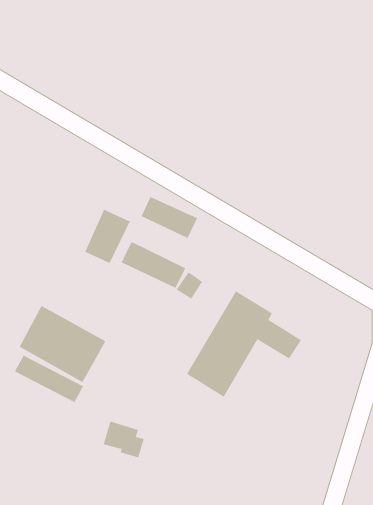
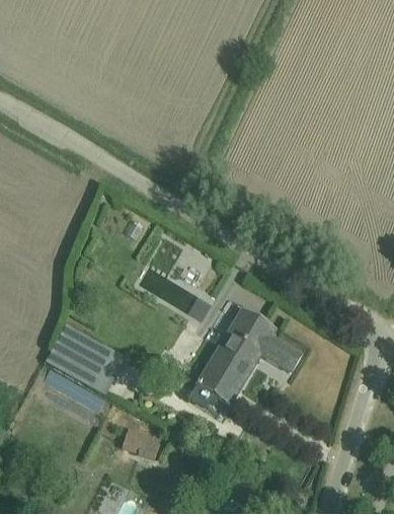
building: [141,196,198,239] -> none
building: [84,209,130,264] -> none

